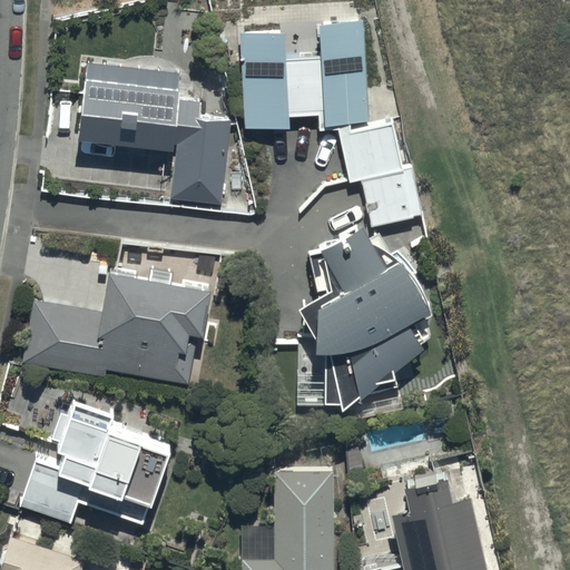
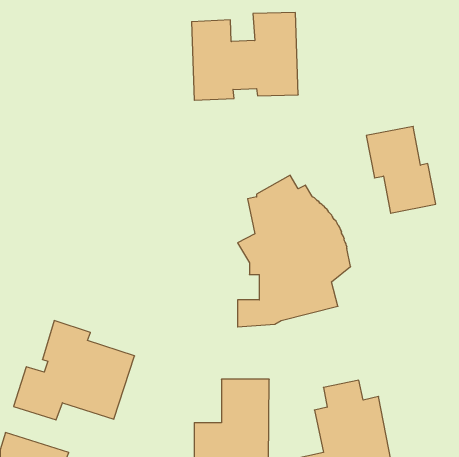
building: [77,61,232,206] -> none
building: [338,121,424,228] -> [366,126,436,213]
building: [22,273,208,389] -> none

